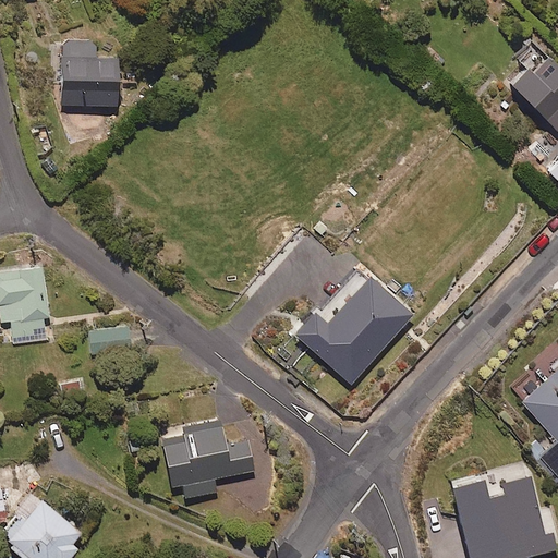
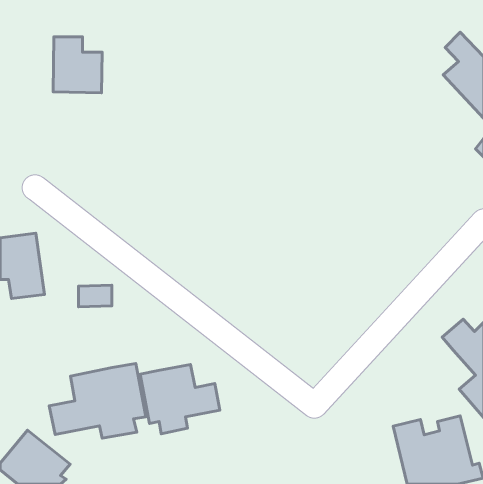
building: [296,277,414,386] -> none
building: none -> [49,363,146,438]

